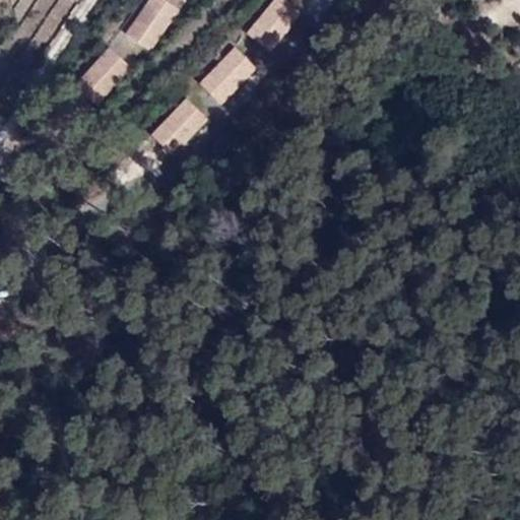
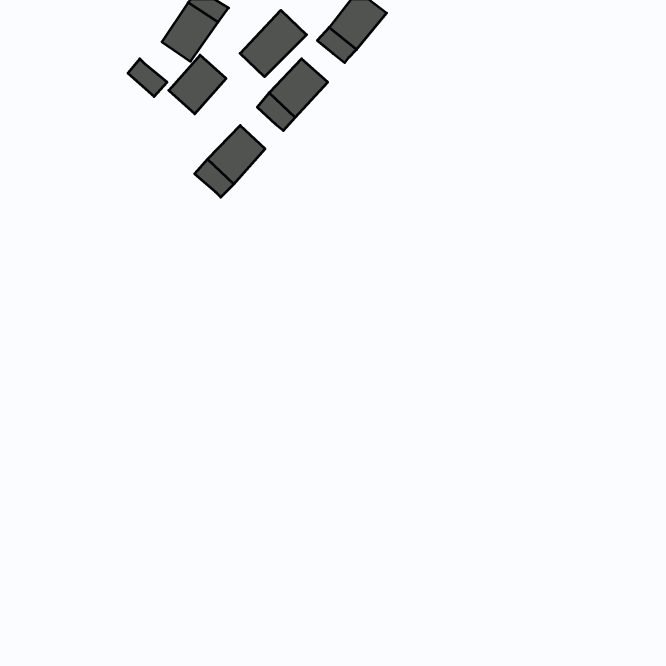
building: none -> [240,10,307,77]
building: [75,57,120,103] -> [169,55,226,114]

